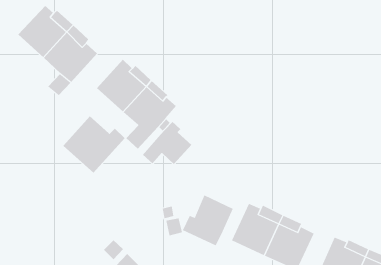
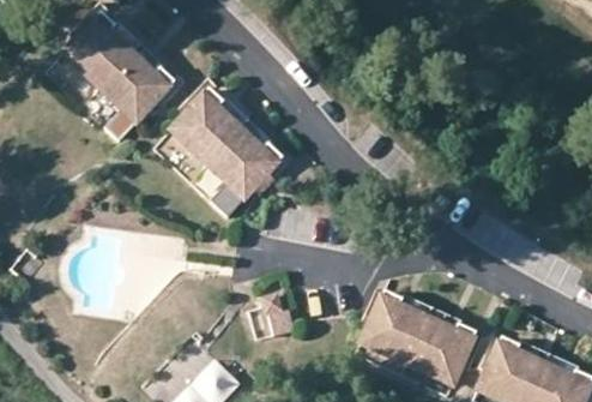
building: [62,116,126,174] -> none
building: [142,121,192,165] -> none
building: [182,195,233,246] -> none

